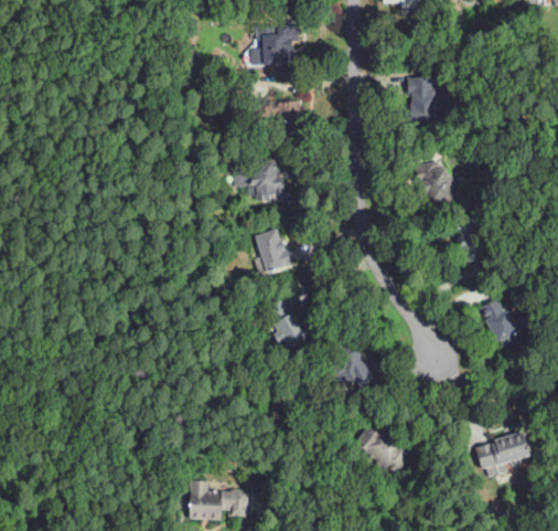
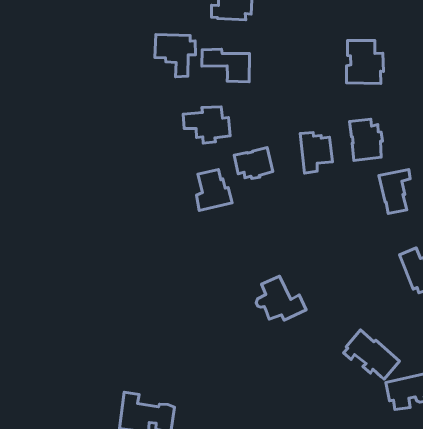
building: none -> [155,35,195,77]
building: none -> [300,132,332,173]
building: none -> [234,148,273,179]
building: [264,297,308,349] -> none
building: [351,424,412,476] -> [344,330,400,379]

